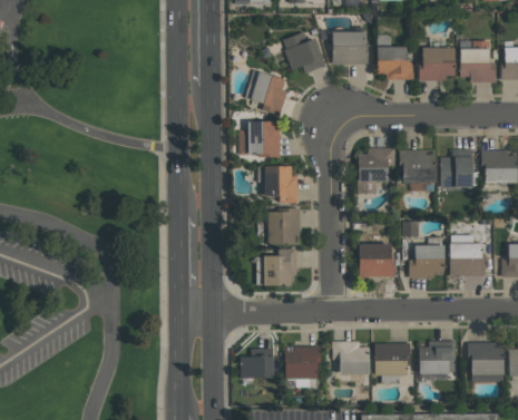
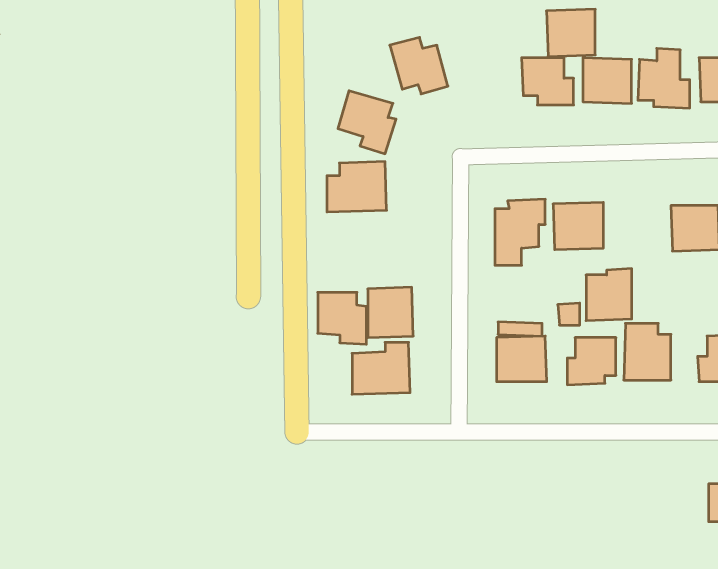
building: [332,31,366,65] -> [546,9,595,56]
building: [440,152,472,188] -> [586,269,632,321]
building: [264,166,299,203] -> [318,292,366,344]
building: [419,340,456,373] -> none
building: [332,341,369,374] -> none
building: [469,342,504,382] -> none
building: [374,343,409,375] -> none
building: [284,345,320,378] -> none
building: [241,354,274,378] -> none

